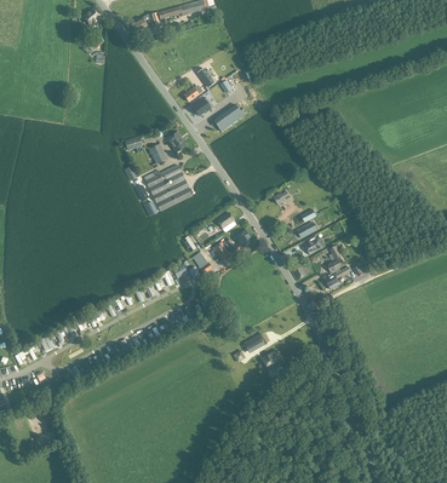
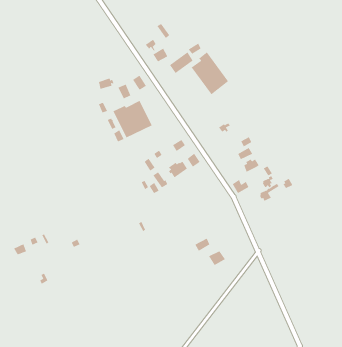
building: none -> [191,52,229,95]

